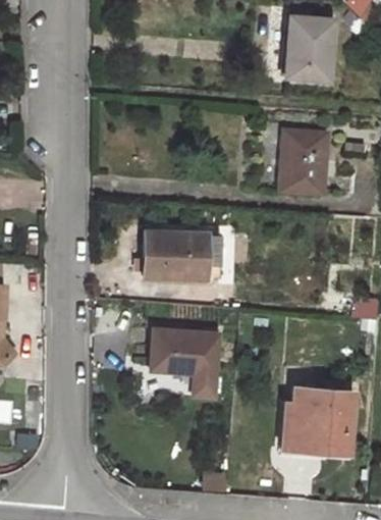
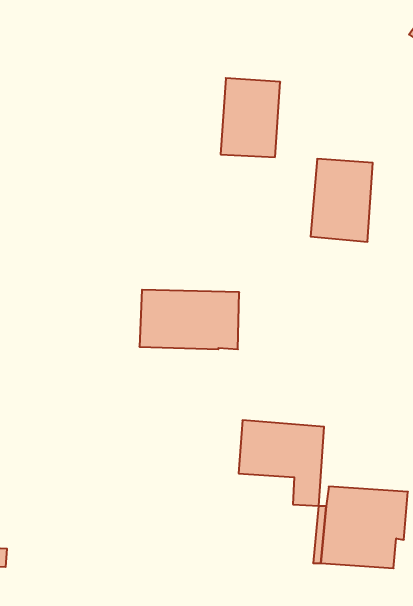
building: [285,17,332,80] -> [221,78,280,157]
building: [151,328,218,396] -> [239,420,324,506]

